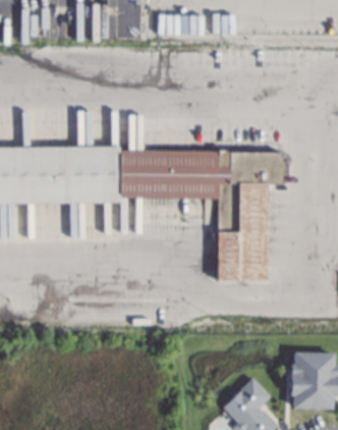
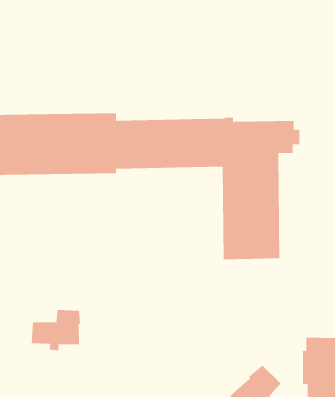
building: none -> [31,309,80,351]

